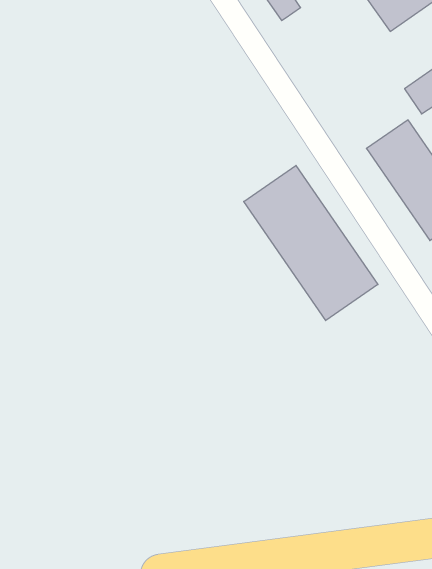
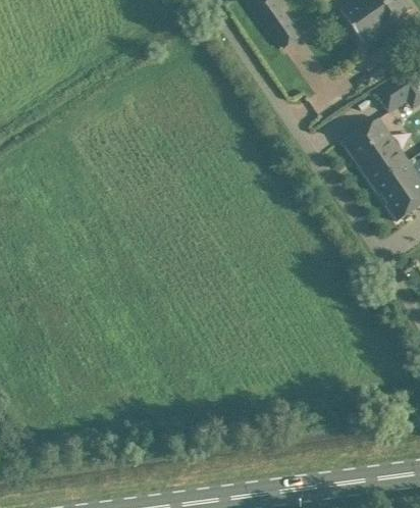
building: [244,165,378,321] -> none

